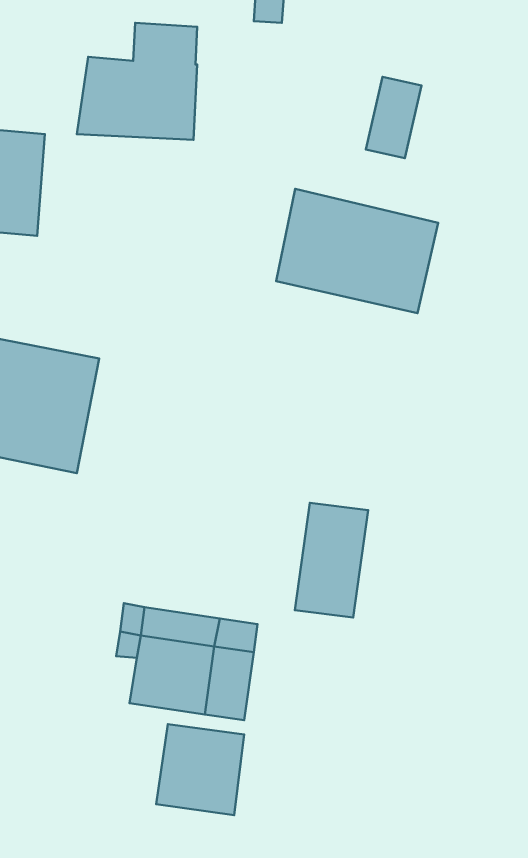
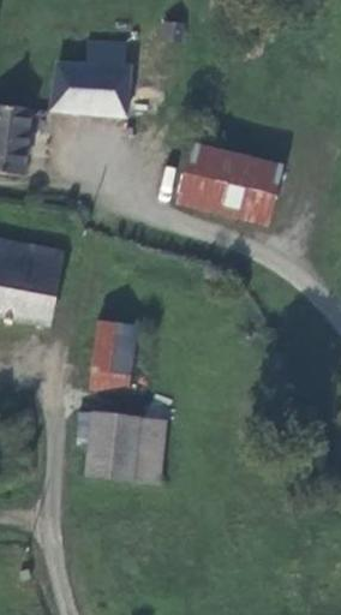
building: [366,77,422,158] -> none
building: [295,503,368,618] -> [90,318,137,392]
building: [156,724,244,815] -> none

